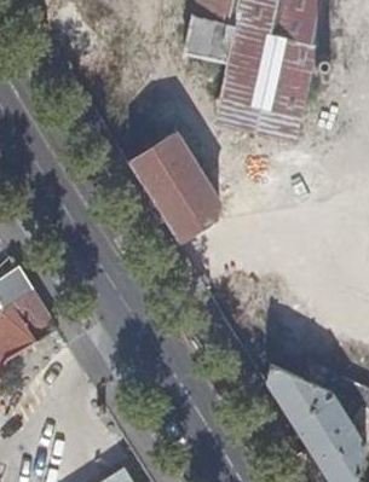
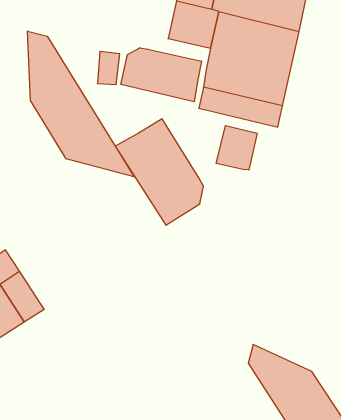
building: none -> [28,31,134,177]
building: none -> [121,48,202,102]
building: none -> [216,126,257,170]

